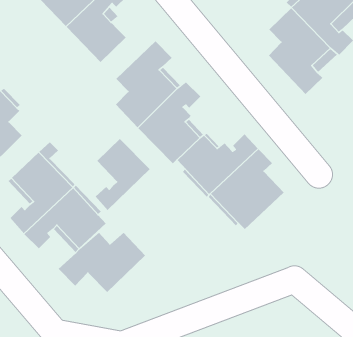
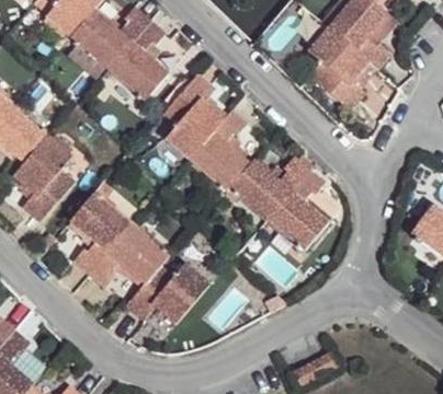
building: [95,138,150,211] -> none

